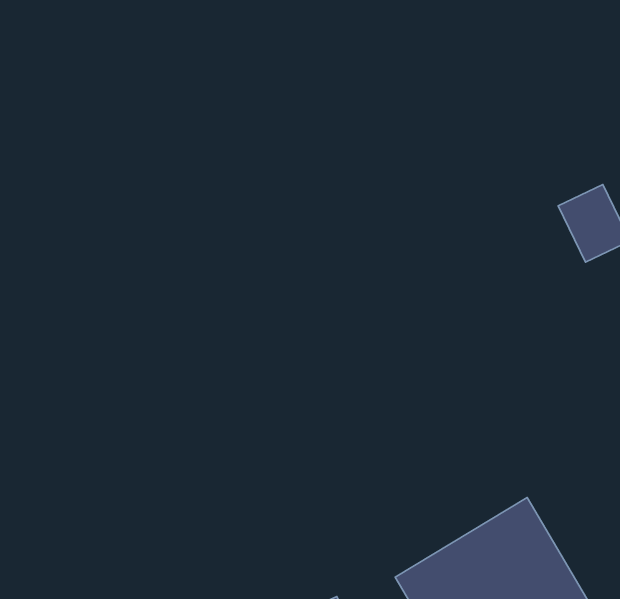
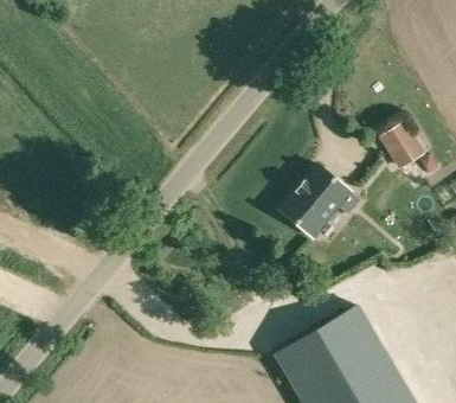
building: none -> [281,165,360,237]

